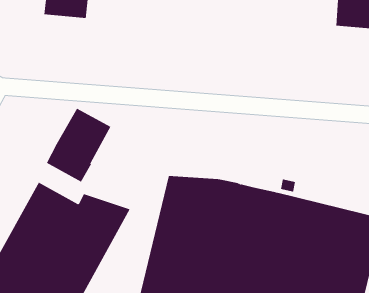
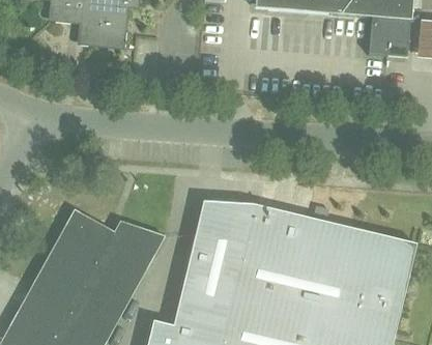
building: [46,108,111,182] -> none

